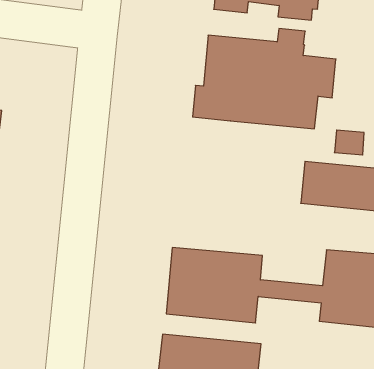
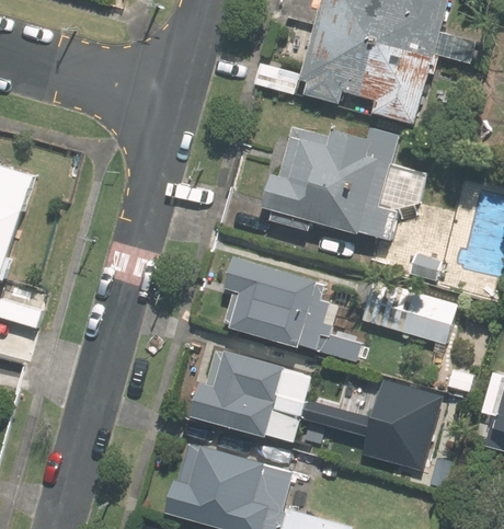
building: none -> [224,257,364,358]

